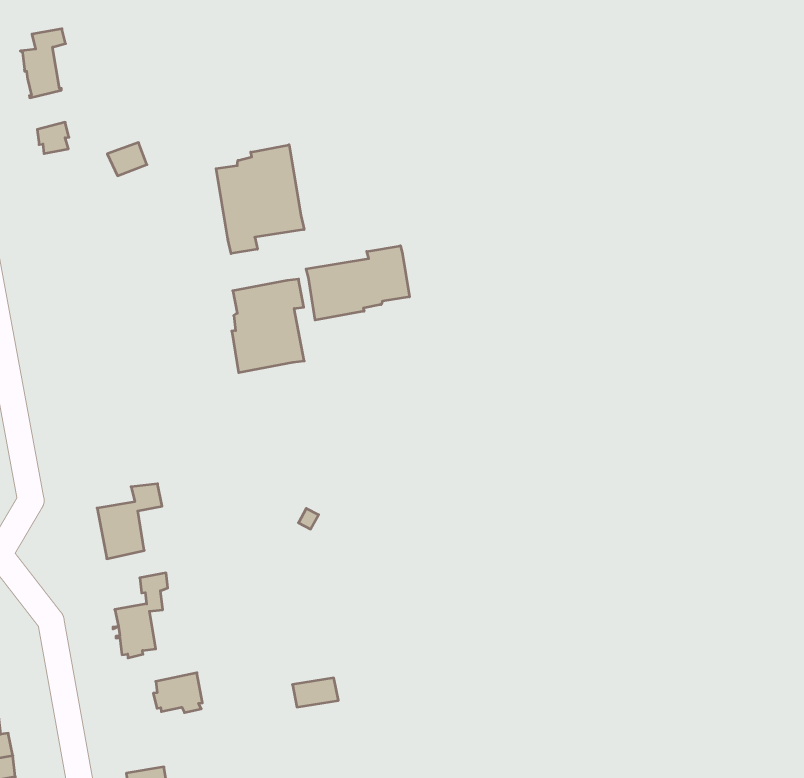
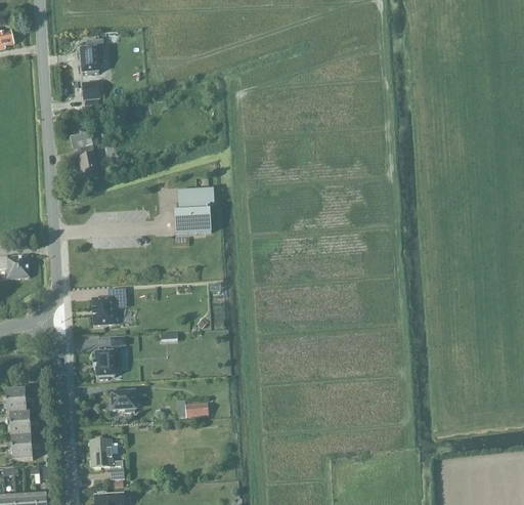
building: [216,145,304,254] -> none
building: none -> [71,130,100,177]
building: [306,246,409,320] -> none

